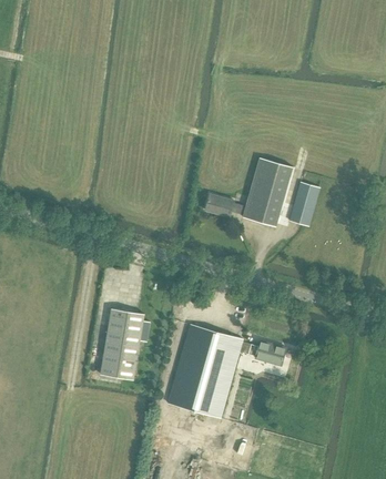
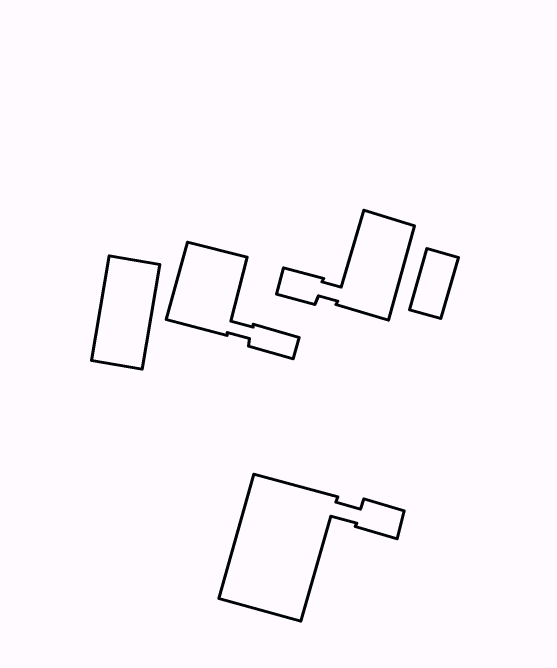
building: none -> [166,242,299,359]
building: [100,308,143,380] -> [92,256,160,369]

